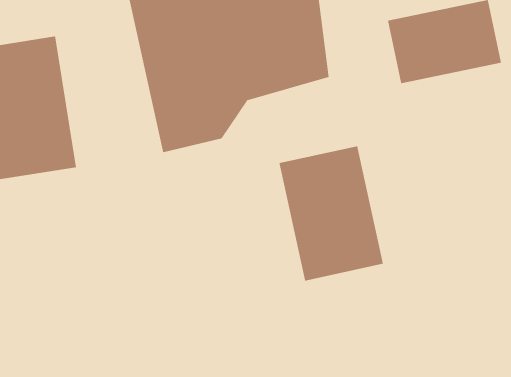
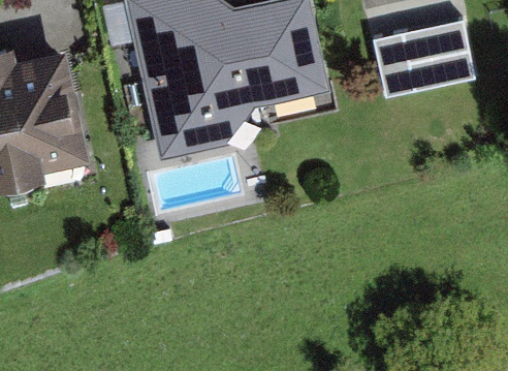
building: [279,145,384,282] -> none

